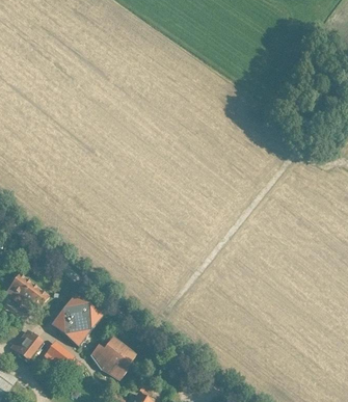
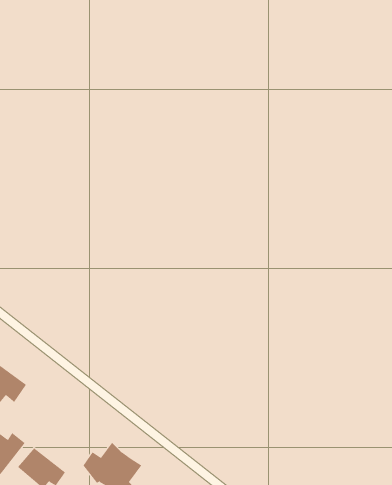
building: [56,294,103,346] -> none

